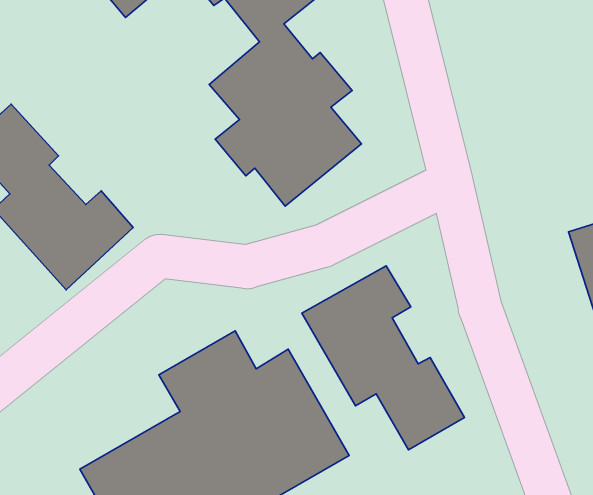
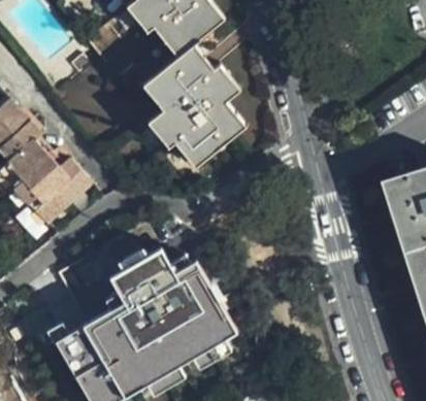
building: [302,266,465,450] -> none

